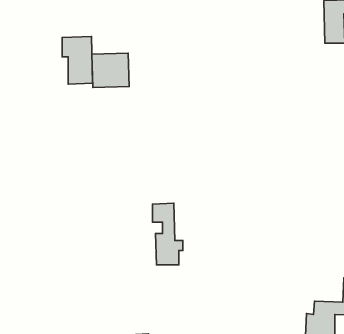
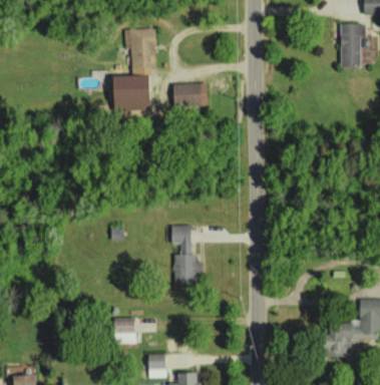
building: [62,36,92,84] -> [126,28,156,75]
building: none -> [172,83,209,106]
building: none -> [113,318,136,343]

